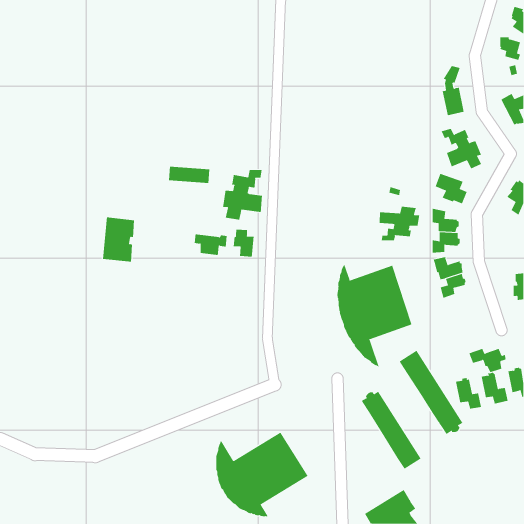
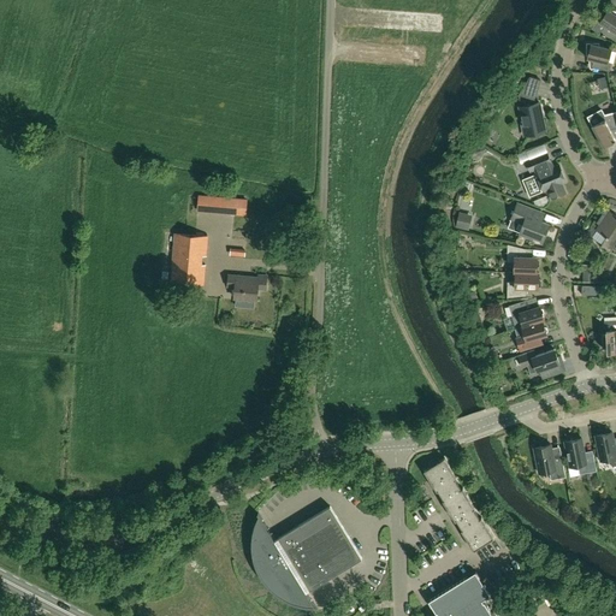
building: [222,169,263,221] -> none
building: [379,206,420,241] -> none
building: [102,217,135,262] -> [170,232,208,285]
building: [233,229,254,257] -> none
building: [337,259,412,371] -> none
building: [468,348,506,373] -> [517,349,562,378]
building: [399,350,463,435] -> none

